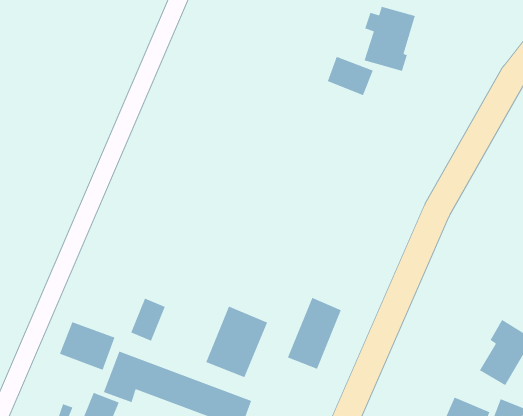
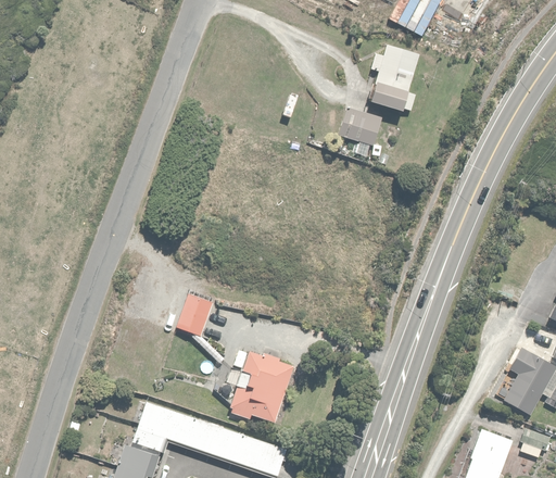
building: [287,297,342,370] -> none
building: [130,297,166,342] -> [179,298,213,341]
building: [59,321,115,371] -> none

